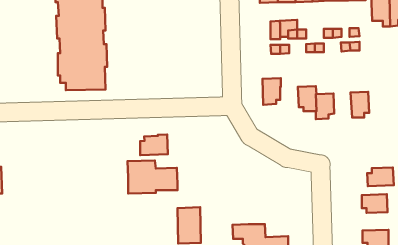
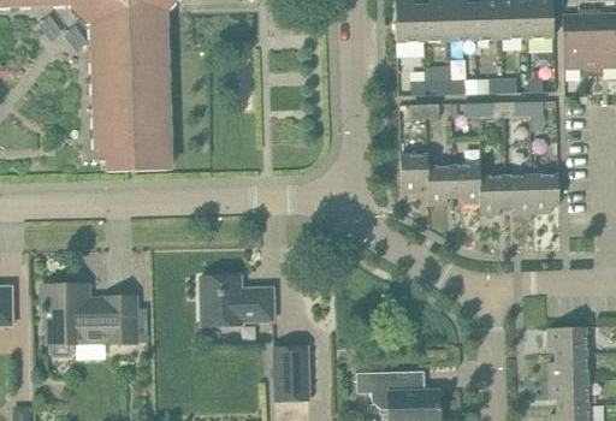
building: none -> [427,167,455,204]
building: none -> [507,176,534,214]
building: [140,134,168,155] -> none
building: none -> [41,280,137,357]
building: [367,167,394,186] -> [549,354,588,381]

